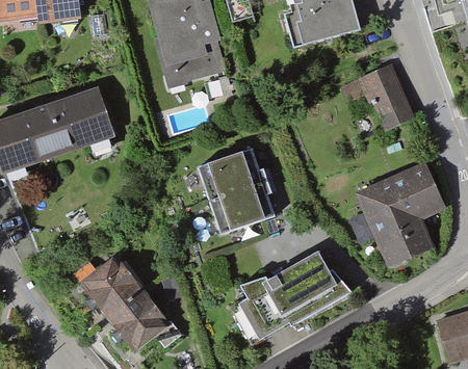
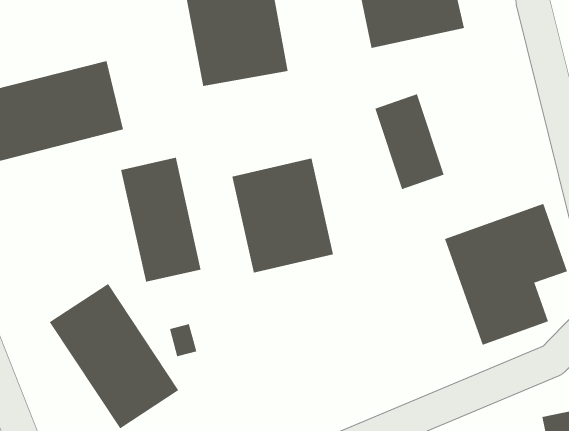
building: [362,64,417,135] -> [374,94,445,190]
building: none -> [121,157,201,283]
building: [240,248,354,336] -> none

